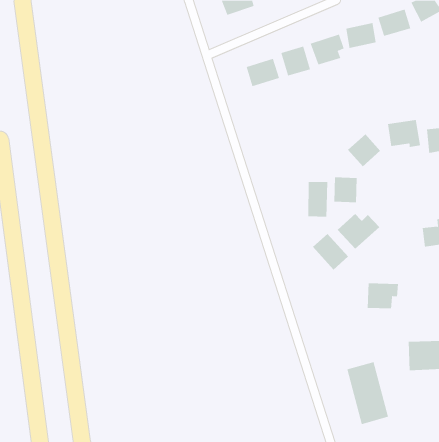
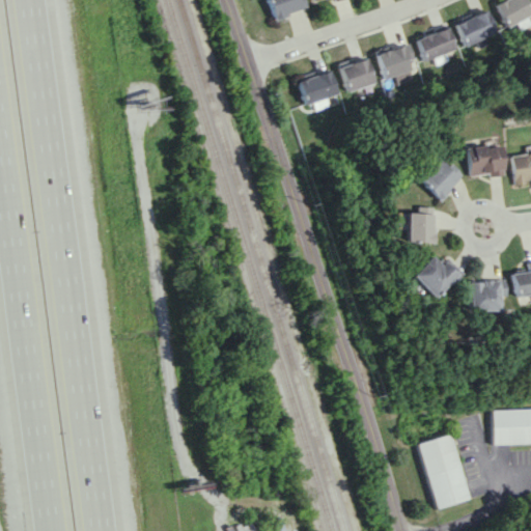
building: [308,181,328,217] -> none
building: [312,233,349,271] -> none
building: [367,283,399,309] -> [465,280,503,311]

